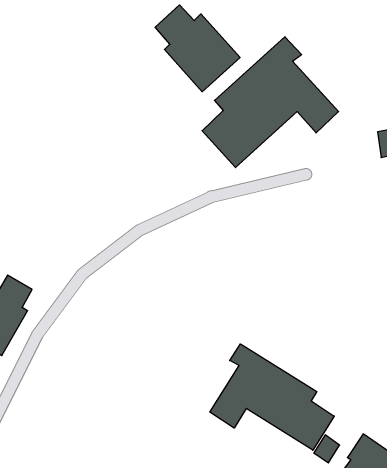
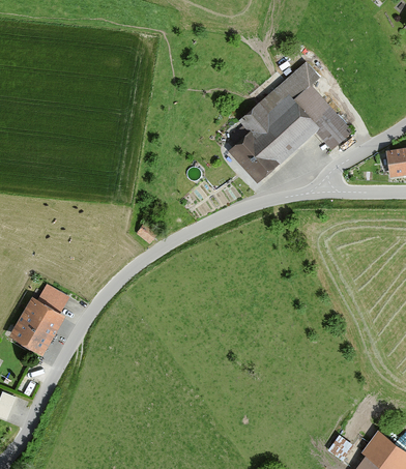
building: [155,5,240,92] -> none
building: [210,344,334,450] -> none

